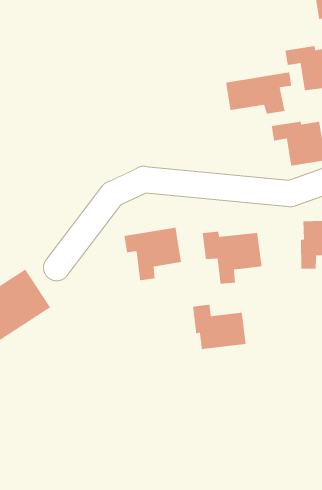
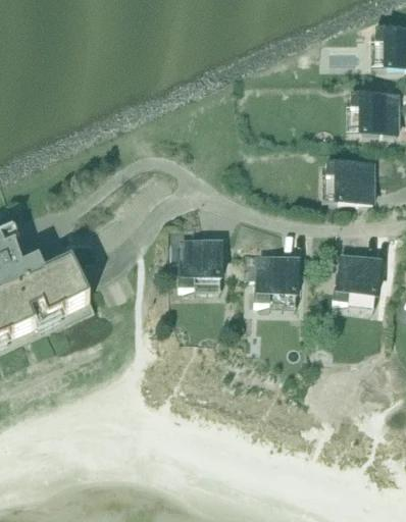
building: [225,72,292,115] -> none
building: [192,304,246,350] -> none

